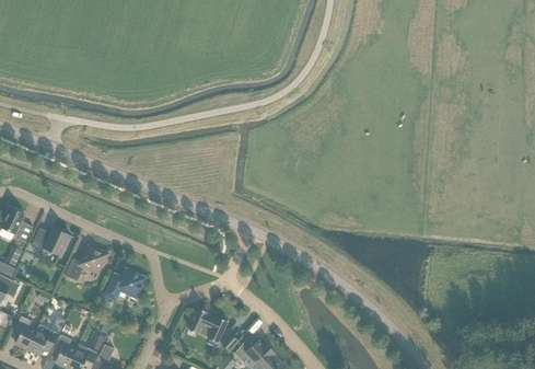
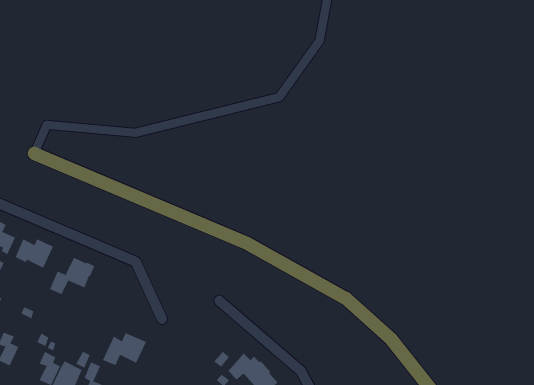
building: [103,269,146,301] -> [102,333,147,366]
building: [188,308,228,343] -> none
building: [27,325,57,355] -> none

